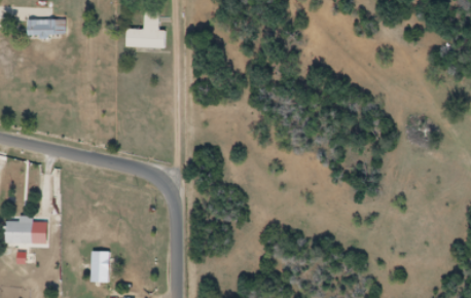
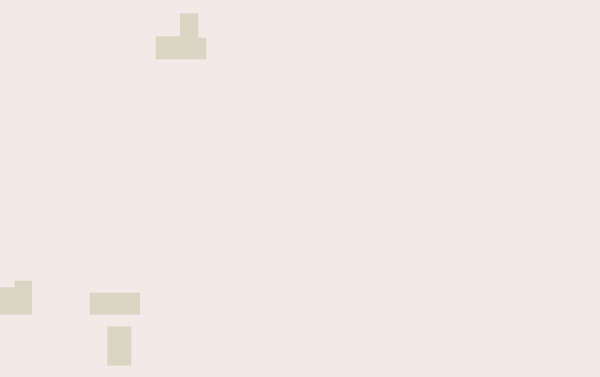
building: [28,20,65,36] -> none
building: none -> [89,292,140,316]

